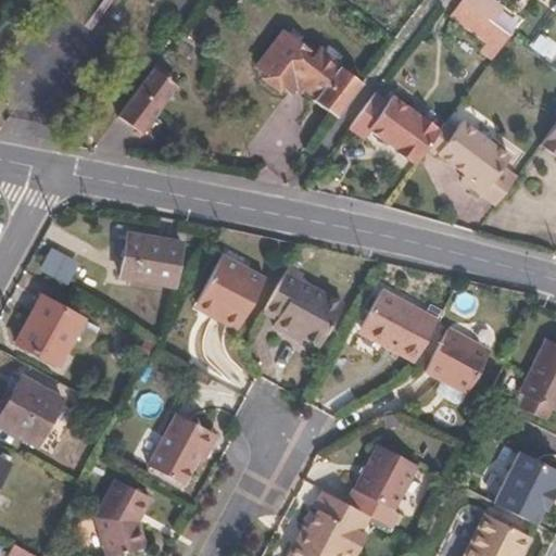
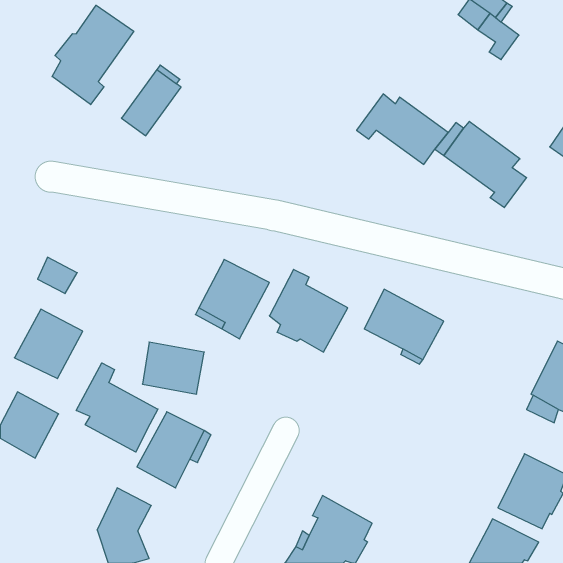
building: none -> [52,5,134,105]
building: [257,31,363,115] -> none
building: [119,242,180,293] -> [142,342,204,394]
building: [425,325,489,399] -> none
building: none -> [76,363,158,452]
building: [344,441,416,525] -> none

